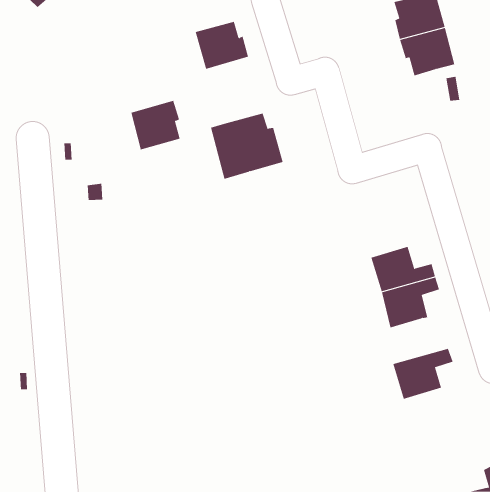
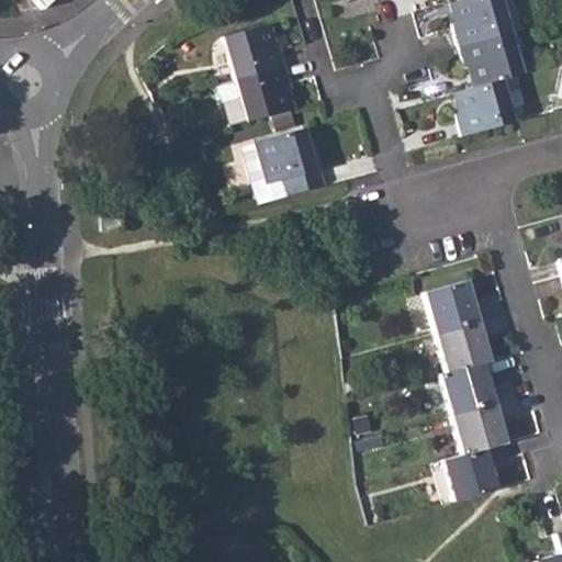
building: none -> [454,79,512,136]
building: [130,100,181,150] -> [237,65,294,122]
building: none -> [440,362,514,414]
building: none -> [443,441,512,501]

